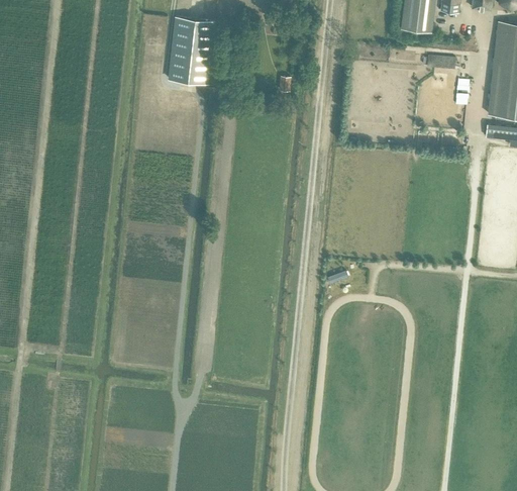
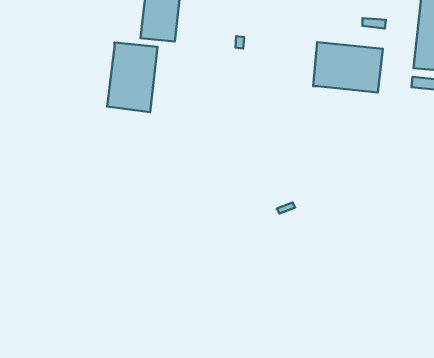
building: none -> [313,42,383,93]
building: none -> [107,42,158,112]

